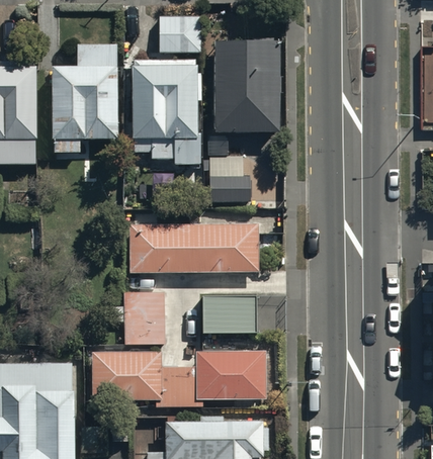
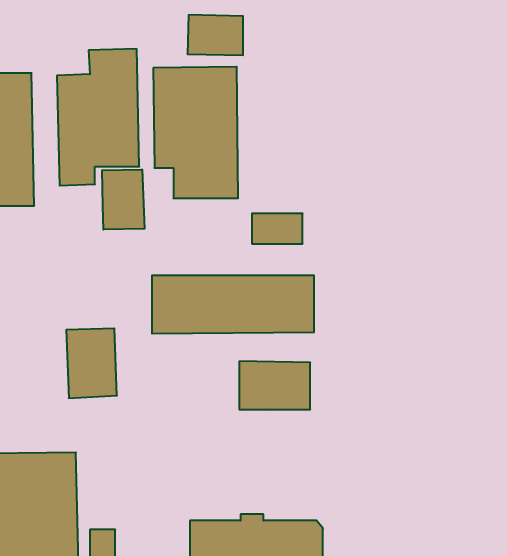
building: [213,39,280,133] -> none
building: none -> [102,169,145,230]
building: [125,289,166,345] -> [66,328,117,398]
building: [90,350,267,404] -> none

